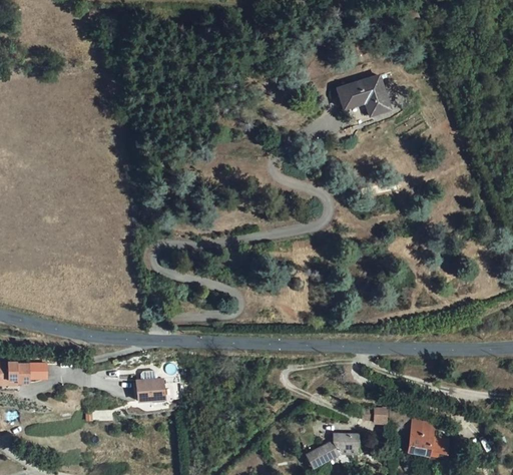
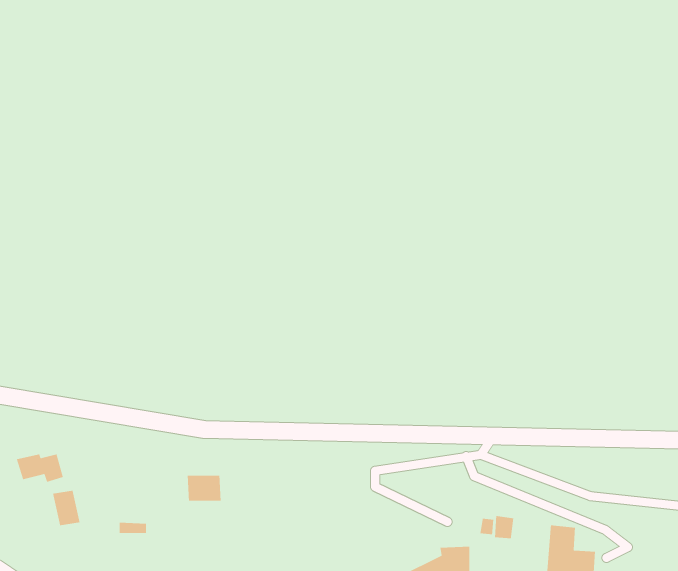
building: [336,78,387,118] -> none
building: none -> [52,490,81,526]

